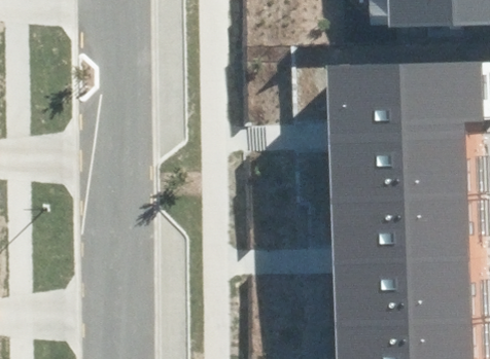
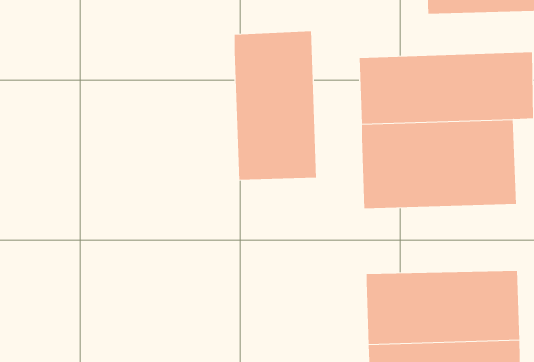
building: none -> [234,31,316,181]
building: [331,199,470,261] -> none

